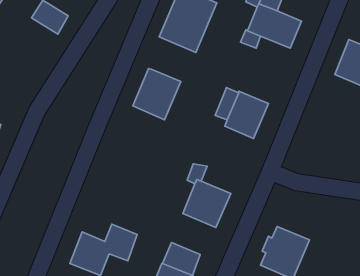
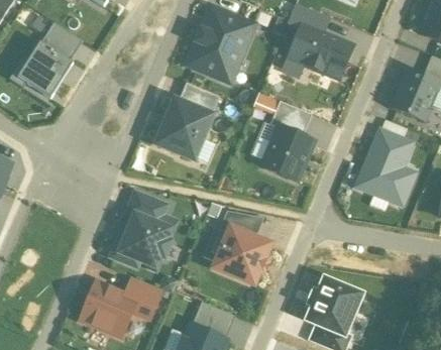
building: none -> [18,40,74,97]
building: none -> [178,81,219,114]
building: none -> [269,99,312,135]
building: none -> [357,129,412,203]
building: none -> [114,193,177,278]

